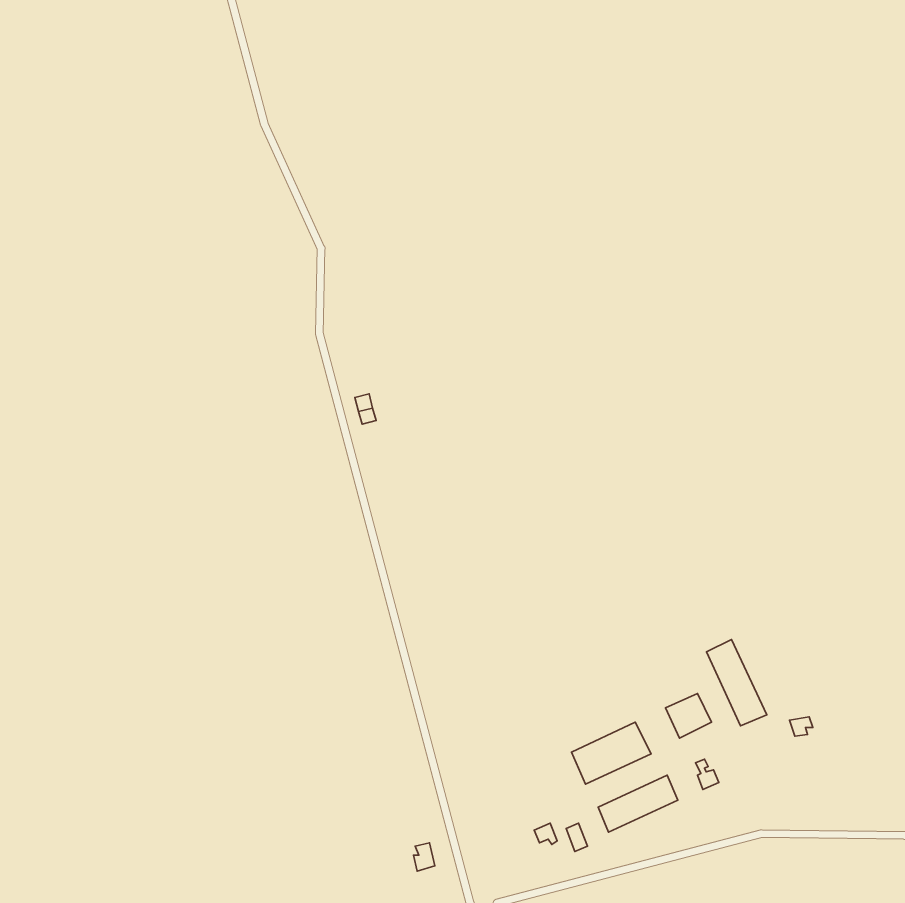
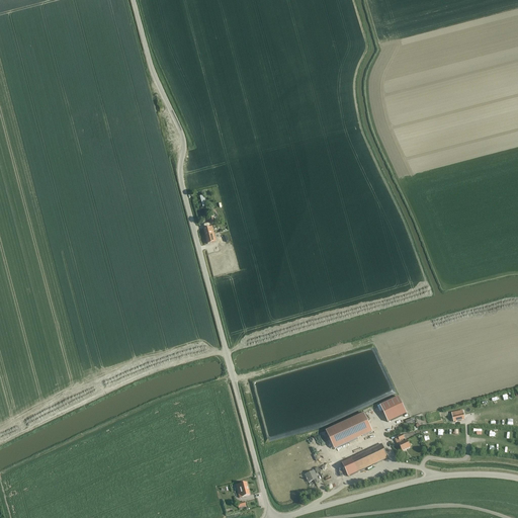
building: [707,640,767,726] -> none

